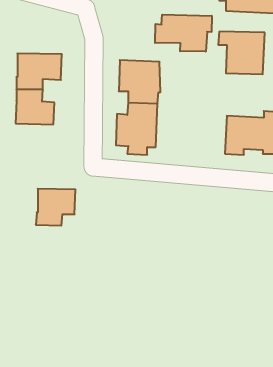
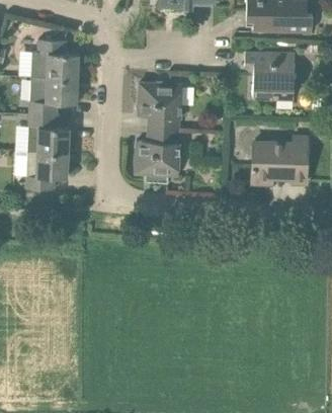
building: [155,15,212,52] -> none
building: none -> [29,40,78,77]
building: [36,189,76,226] -> [25,151,68,190]

